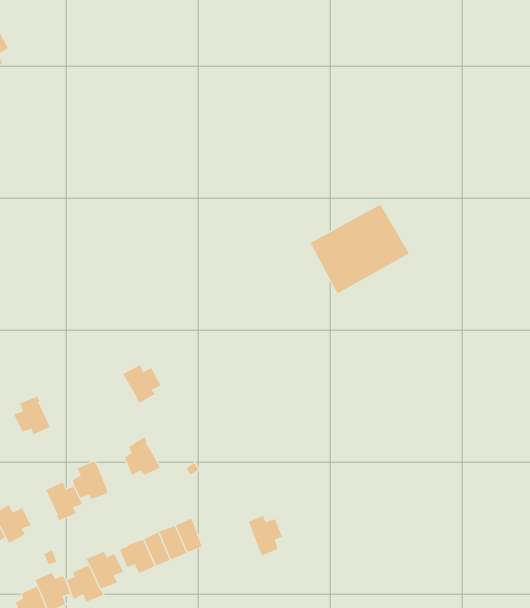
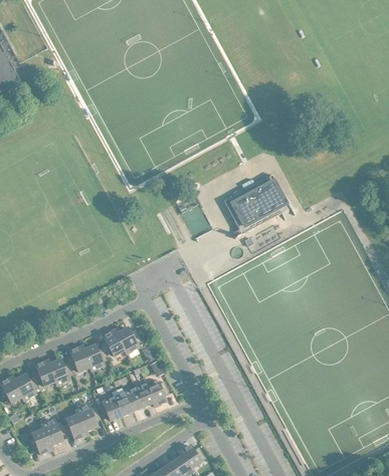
building: [122,364,162,403] -> [115,327,141,353]
building: [13,396,51,435] -> [30,361,55,387]
building: none -> [82,345,107,371]
building: [248,516,283,556] -> [145,380,168,407]

